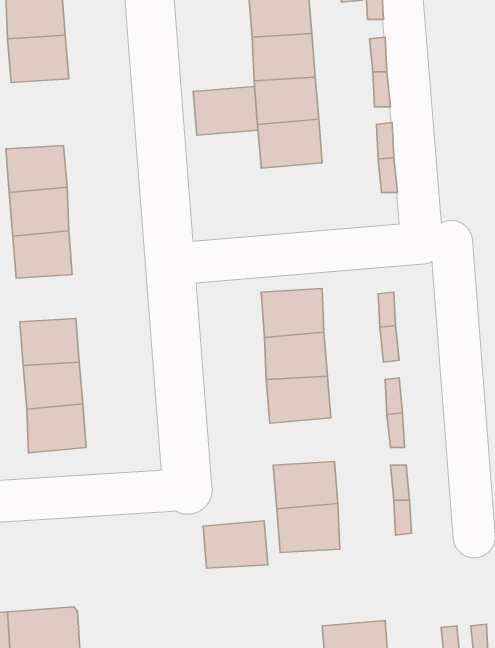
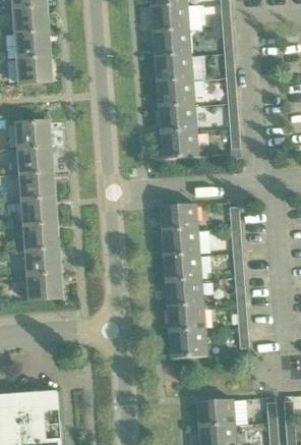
building: [193,86,258,135] -> [162,131,199,160]
building: none -> [19,197,54,224]
building: [203,521,268,568] -> [167,280,204,308]

